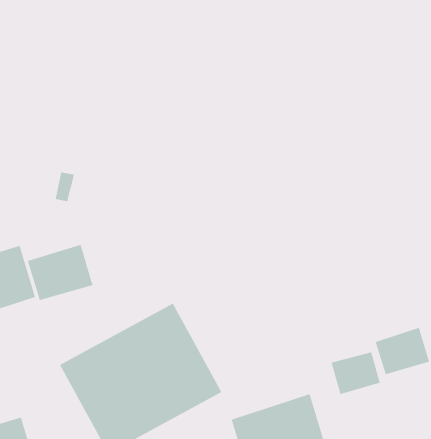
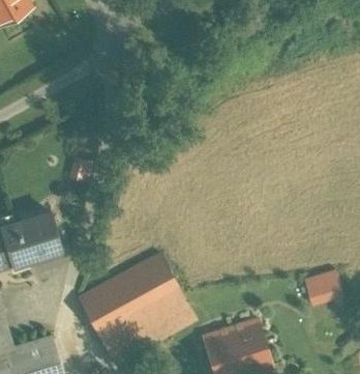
building: [27,244,93,301] -> none
building: [331,352,380,395] -> none

